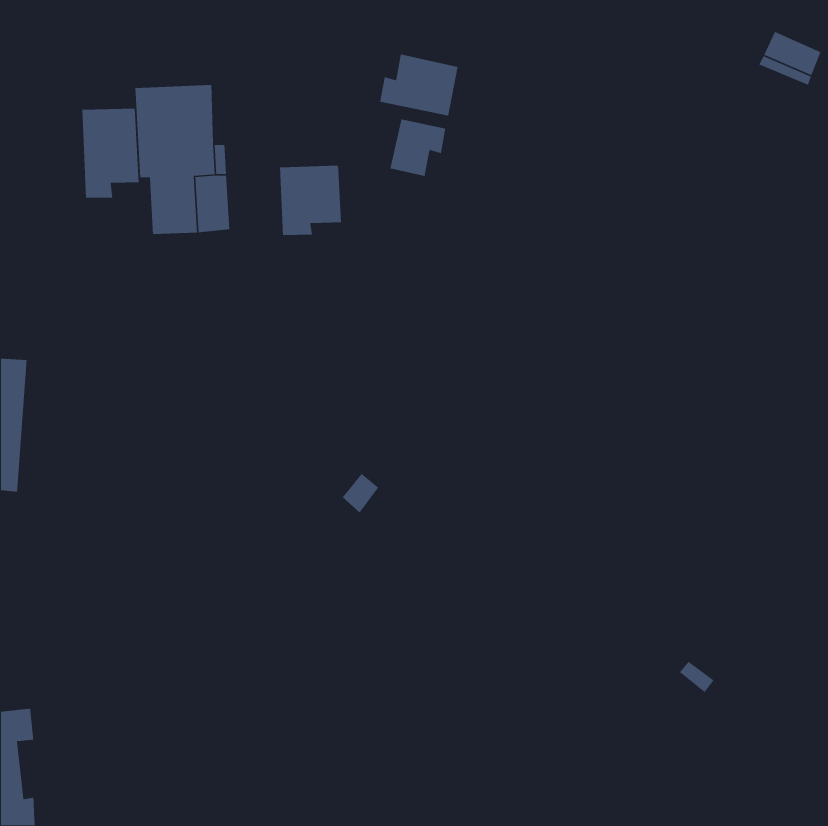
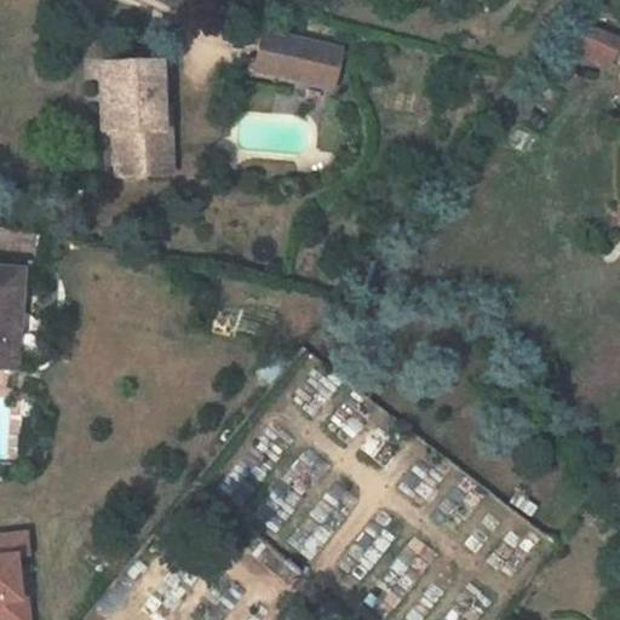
building: [81,108,139,199] -> none
building: [390,119,446,177] -> [257,33,299,76]
building: [279,165,342,236] -> none

